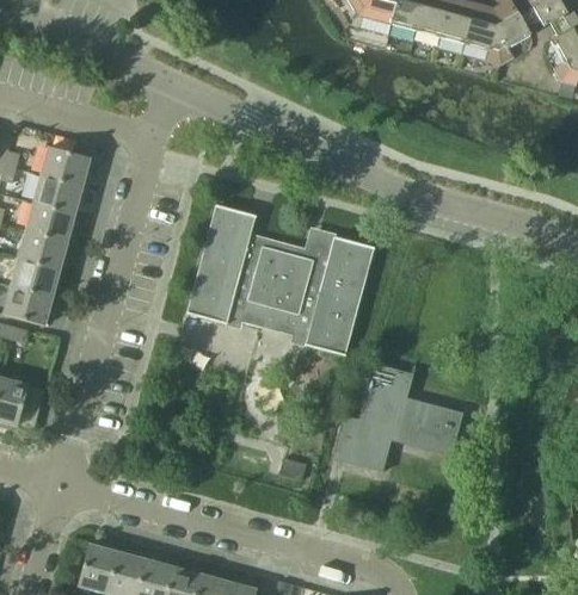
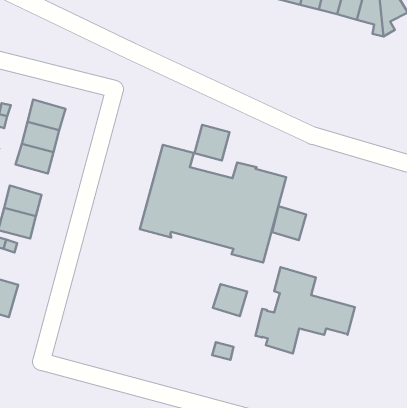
building: none -> [194,125,230,161]
building: [19,230,68,269] -> none
building: none -> [272,206,306,240]
building: none -> [213,284,247,316]

